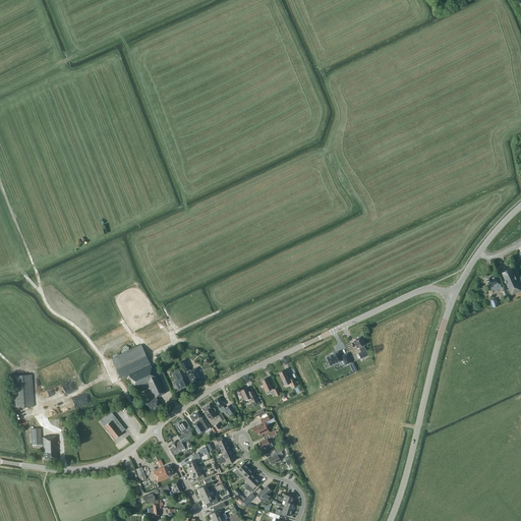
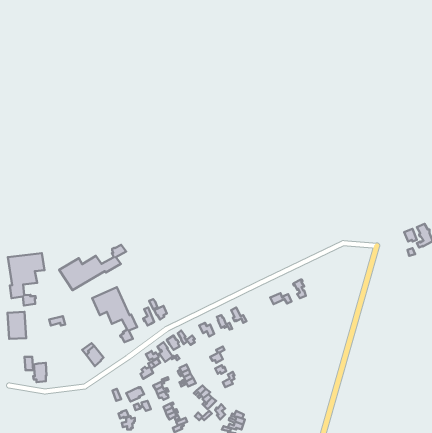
building: none -> [59,245,126,290]
building: none -> [8,253,45,305]

